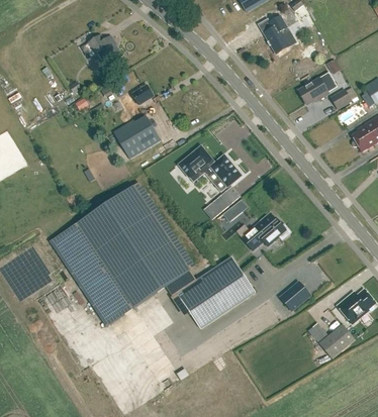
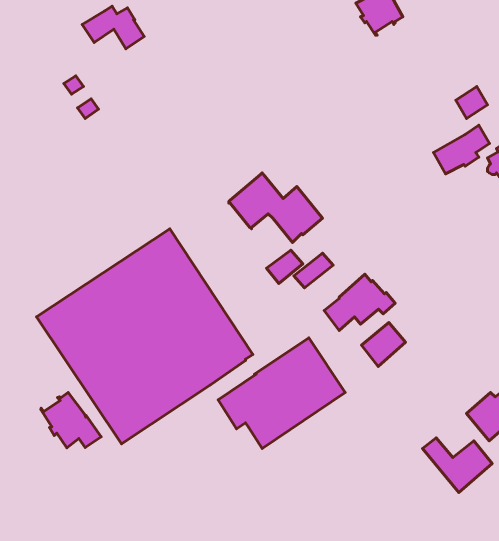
building: [298,72,336,104] -> [433,125,489,174]
building: [113,84,162,159] -> none
building: [281,282,310,311] -> [362,323,405,366]
building: none -> [41,393,101,448]

